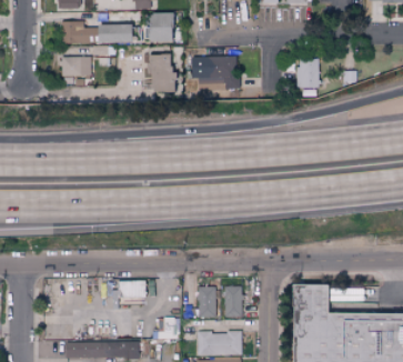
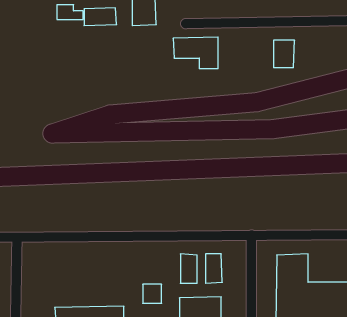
building: [148,54,172,92] -> none
building: [60,57,90,76] -> none
building: [120,280,148,296] -> none

